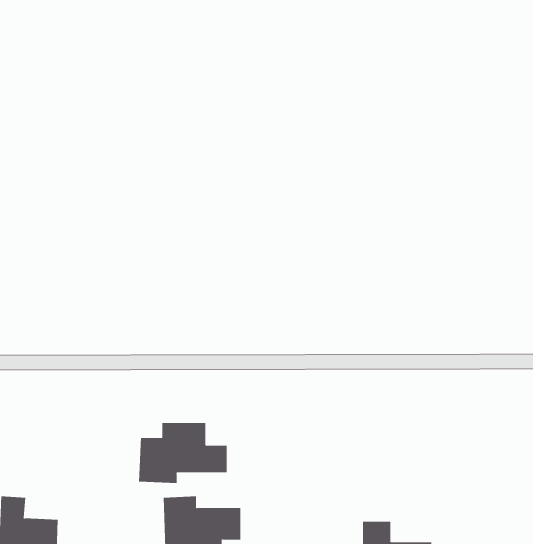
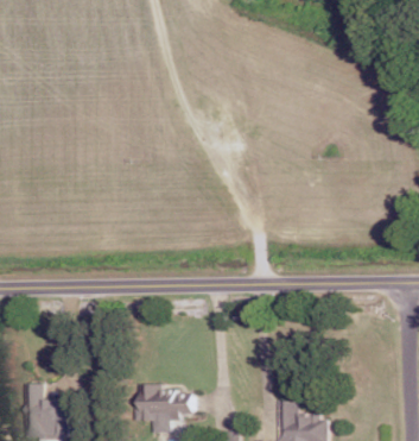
building: [139,422,227,484] -> none

